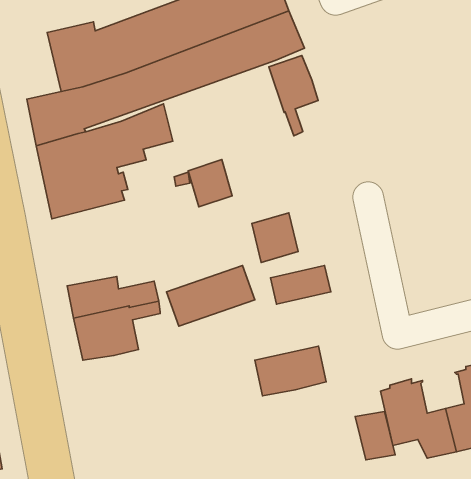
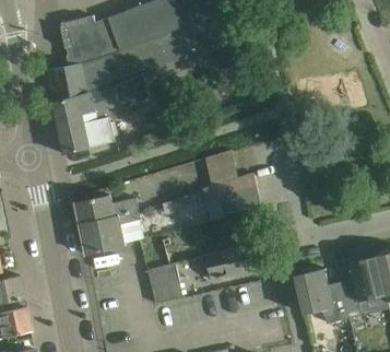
building: [269,56,318,136] -> none
building: [188,160,232,207] -> none
building: none -> [147,263,182,306]
building: [355,411,395,460] -> none

